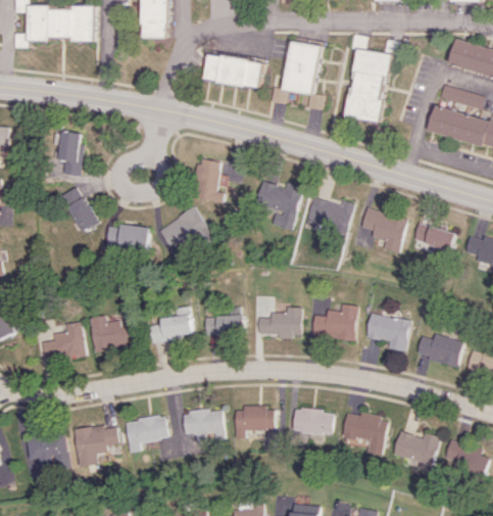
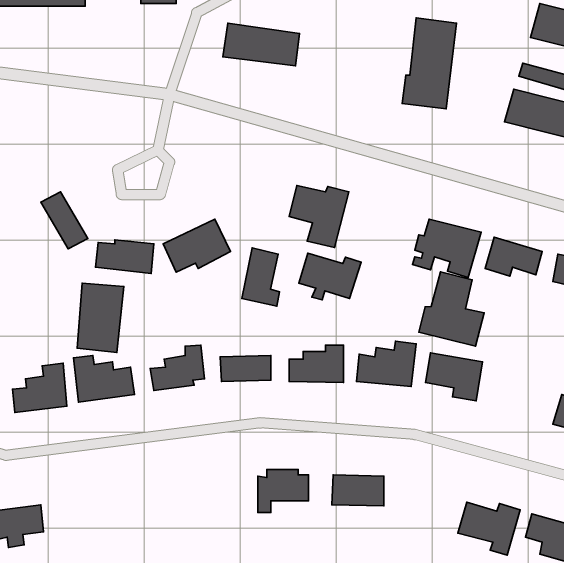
building: [286,42,325,110] -> none
building: [55,133,86,176] -> none
building: [196,158,226,204] -> [242,248,280,306]
building: [307,197,356,234] -> [299,253,361,300]
building: none -> [419,272,484,346]
building: none -> [77,283,124,352]
building: [414,334,463,368] -> none
building: [182,411,221,442] -> none
building: [340,413,386,459] -> none
building: [124,417,165,453] -> none
building: [72,425,116,467] -> none

